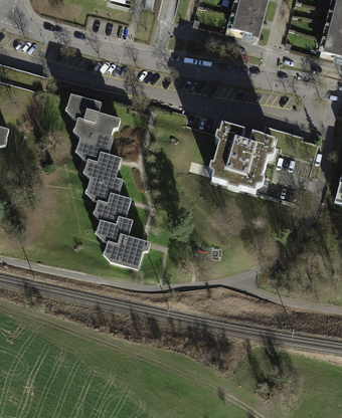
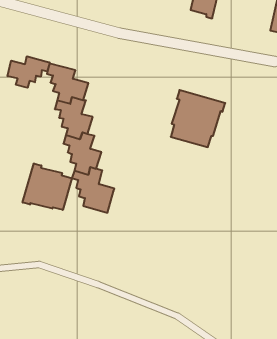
building: none -> [8,56,50,88]
building: none -> [23,163,72,210]

